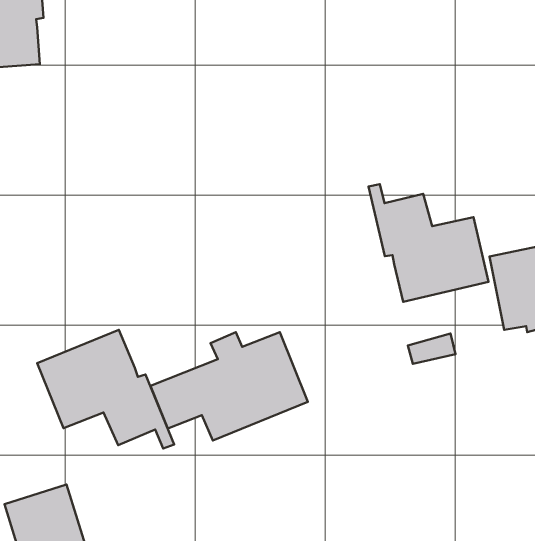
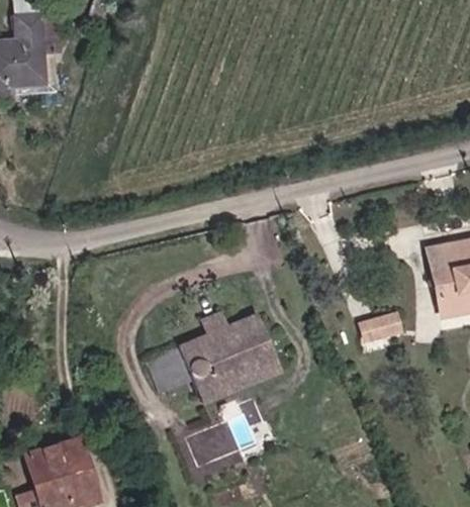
building: [368,184,488,302] -> none
building: [37,330,174,449] -> none

